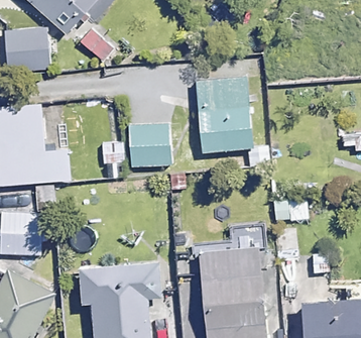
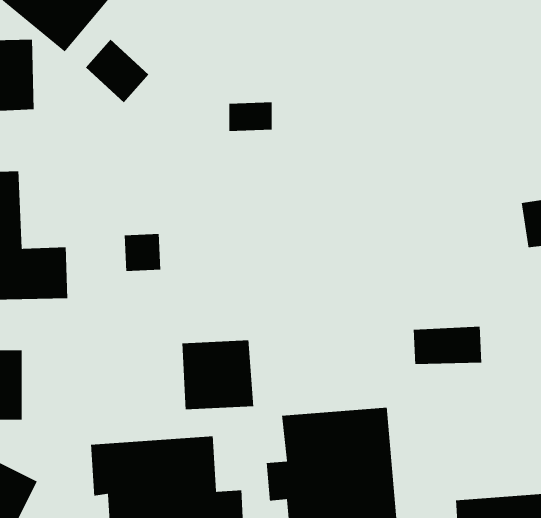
building: [197,78,253,152] -> none
building: [130,126,173,168] -> [182,339,254,410]

